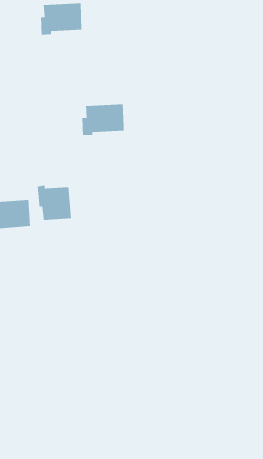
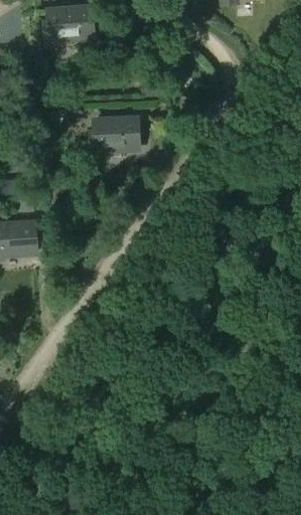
building: [37,185,72,221] -> none

